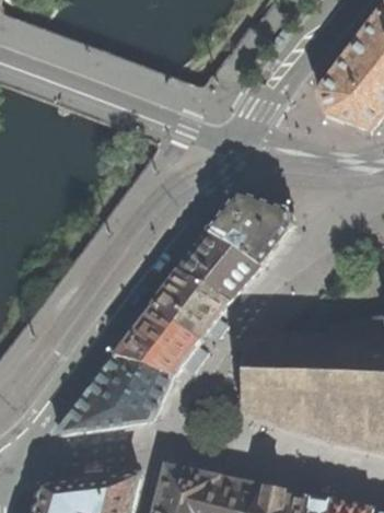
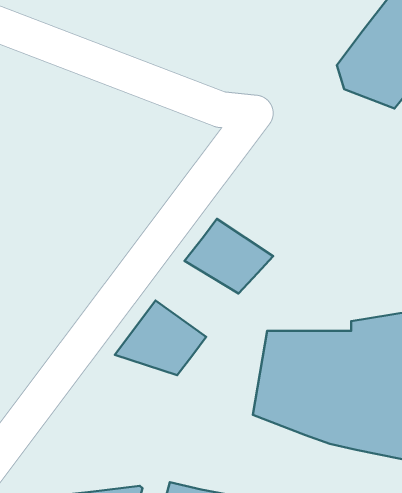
building: [205,198,288,269] -> none
building: [149,273,224,342] -> none
building: [54,359,168,436] -> none

